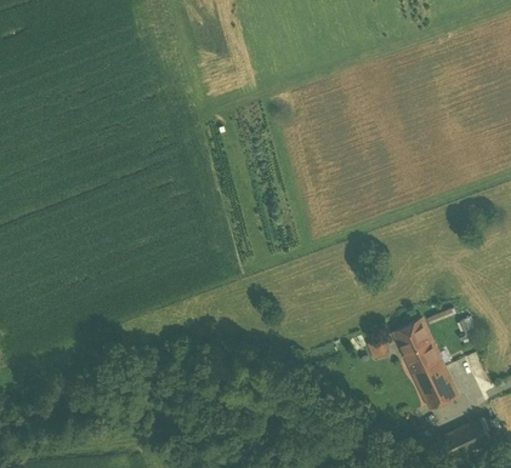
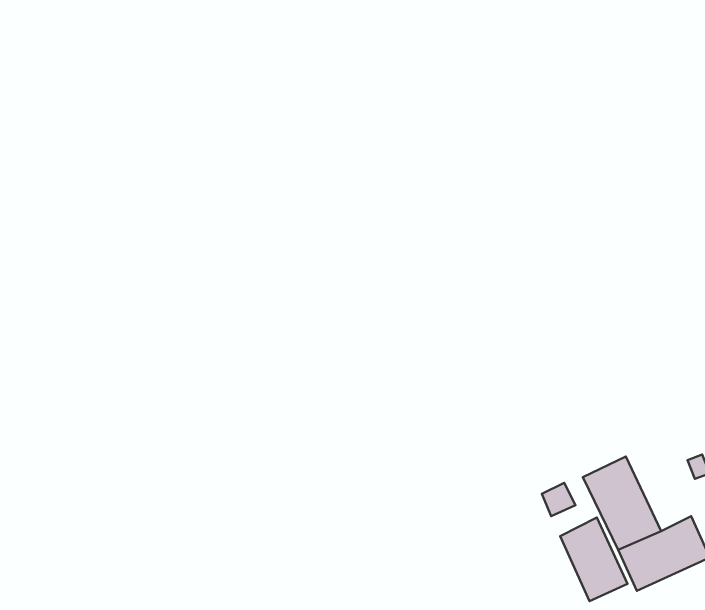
building: none -> [560,518,627,601]

